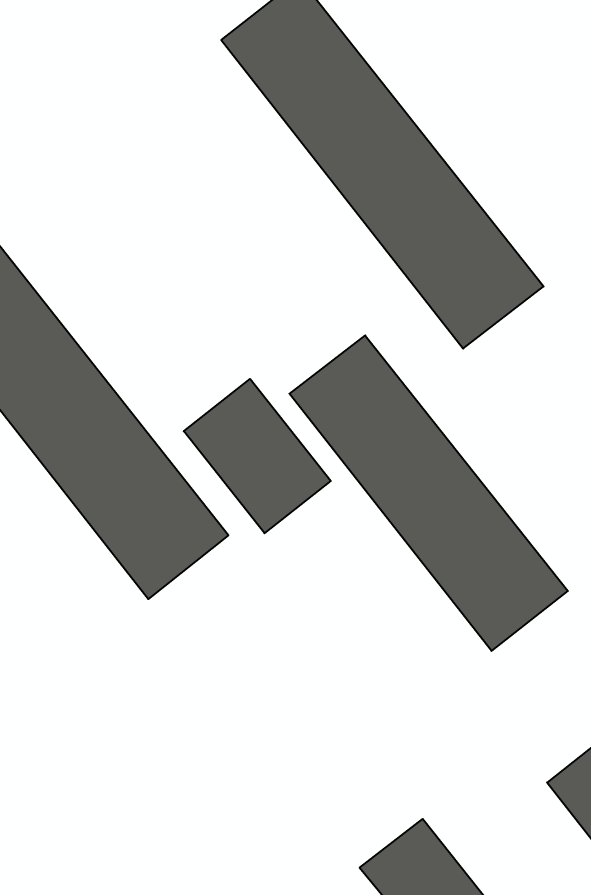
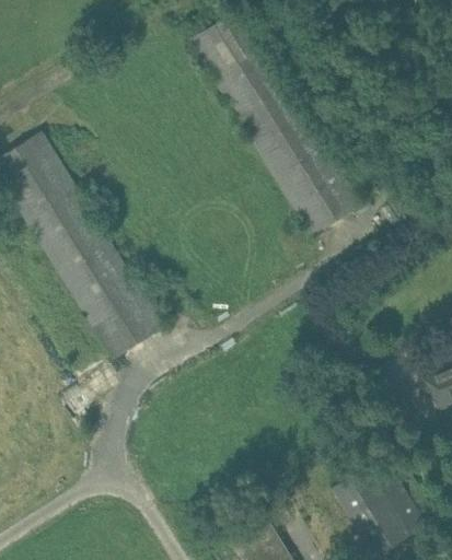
building: [289,335,568,651] -> none
building: [184,379,331,533] -> none

